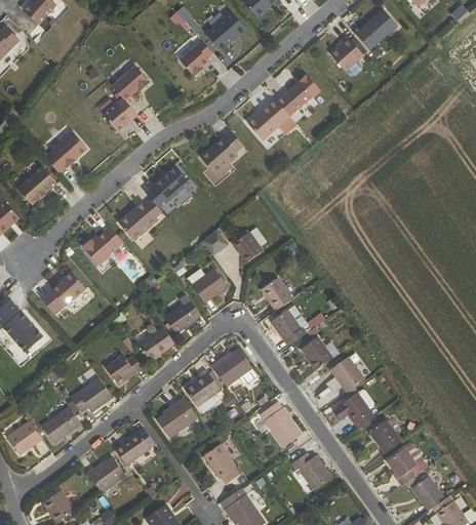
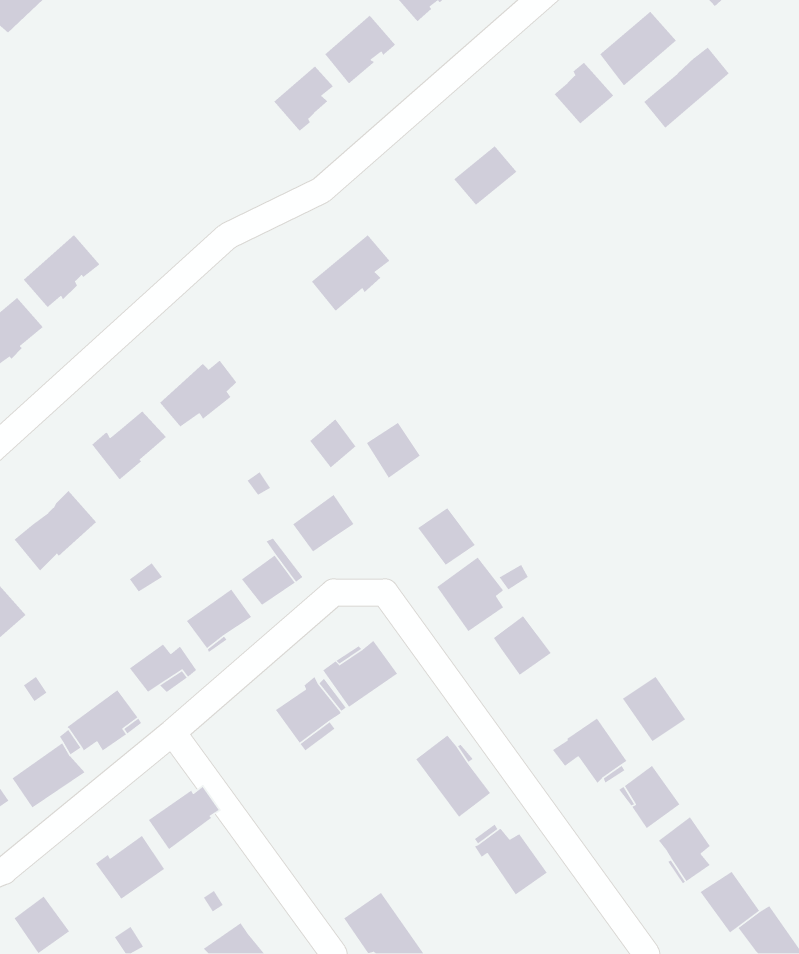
building: none -> [643,47,730,129]
building: [114,65,152,99] -> none
building: [249,99,291,140] -> none
building: [105,103,132,131] -> none
building: [156,166,191,200] -> none
building: [329,357,364,393] -> [622,676,686,742]
building: [156,398,196,437] -> none
building: [202,443,237,483] -> none

